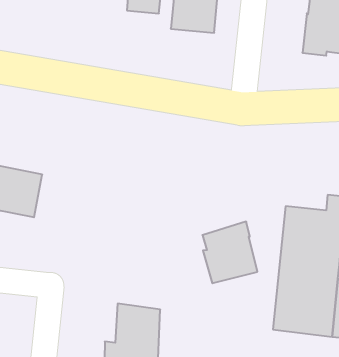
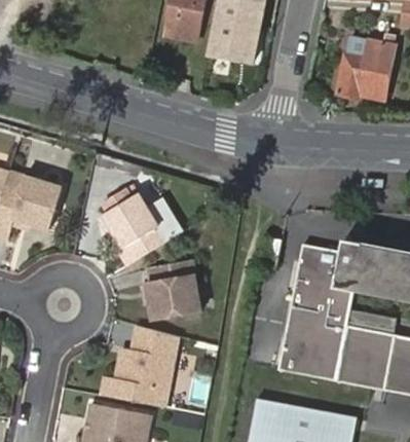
building: none -> [103,194,164,265]
building: [202,222,257,283] -> [146,260,198,319]

